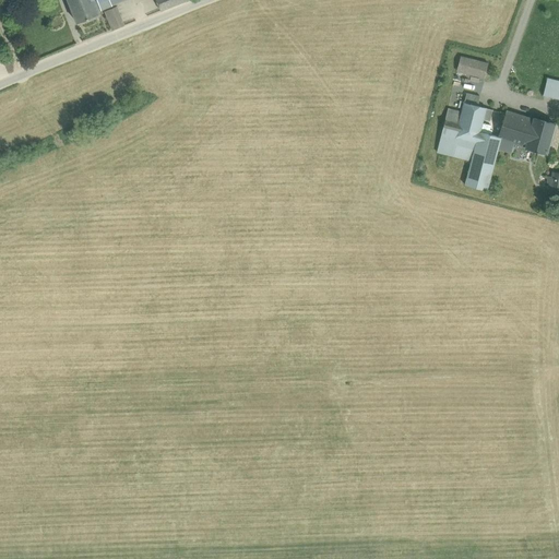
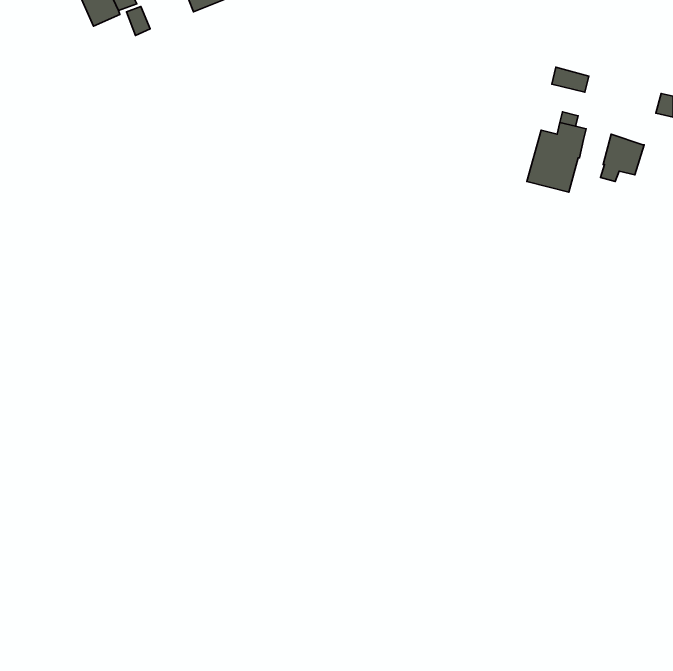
building: [526,118,554,152] -> none
building: [465,131,501,190] -> none

